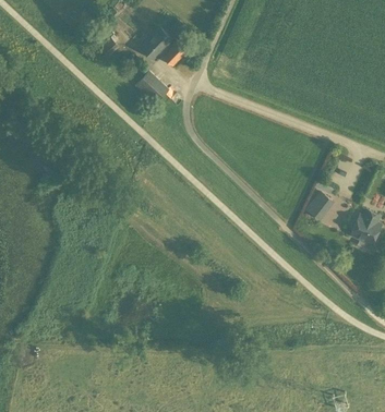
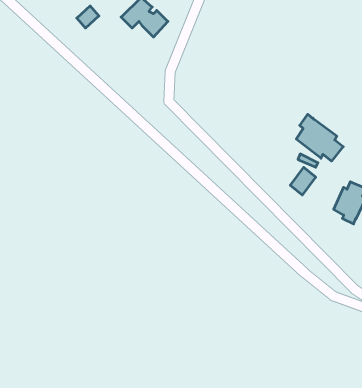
building: [133,69,167,101] -> none
building: none -> [296,114,343,161]

